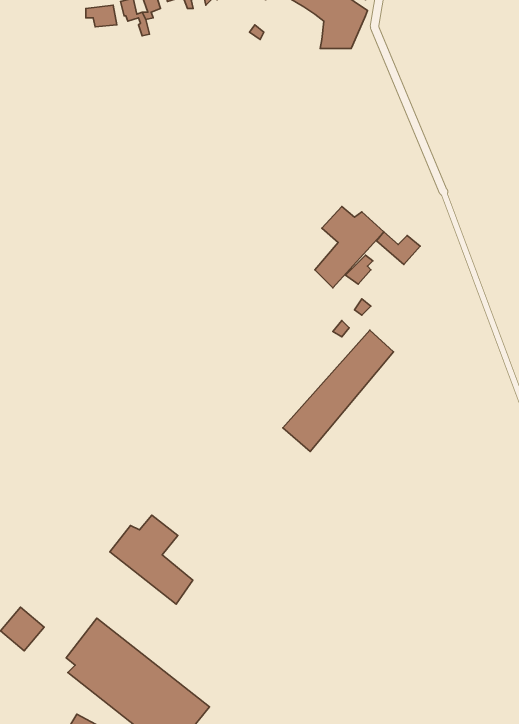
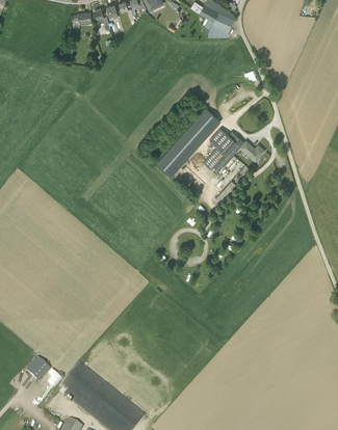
building: [283,330,394,452] -> [154,105,217,174]
building: [110,515,193,604] -> none

